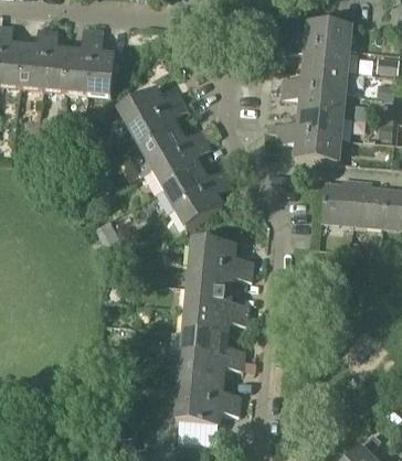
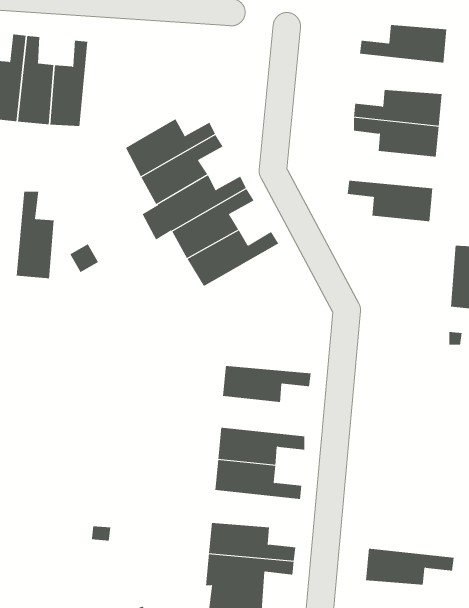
building: [86,33,114,96] -> [16,191,54,279]
building: [285,42,347,71] -> none
building: [268,111,341,138] -> none
building: [174,178,233,229] -> none
building: [320,178,355,223] -> none
building: [190,240,253,270] -> none
building: [187,287,248,315] -> none
building: [180,354,244,380] -> [365,548,454,585]

